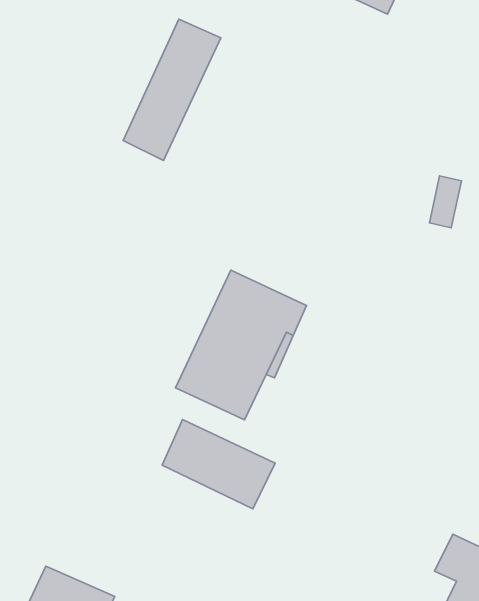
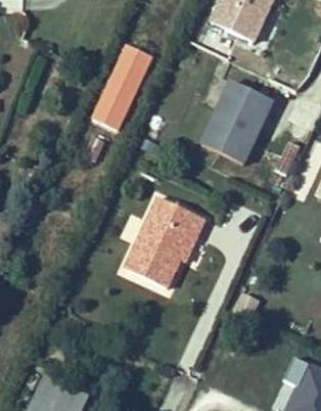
building: none -> [202,81,273,164]
building: [162,419,275,509] -> none

